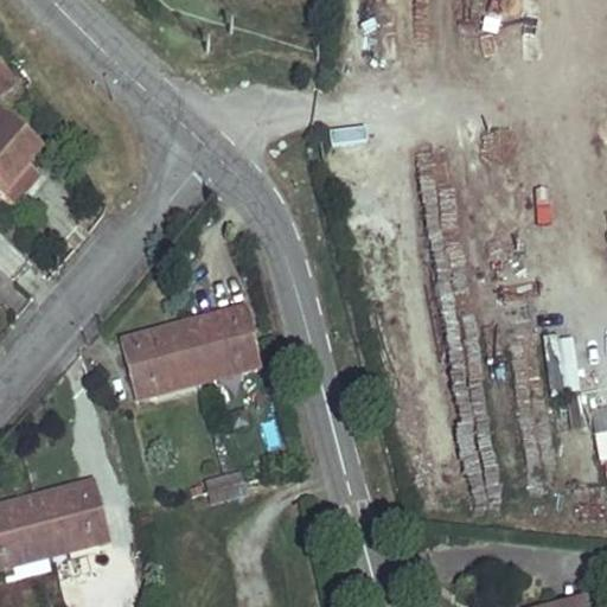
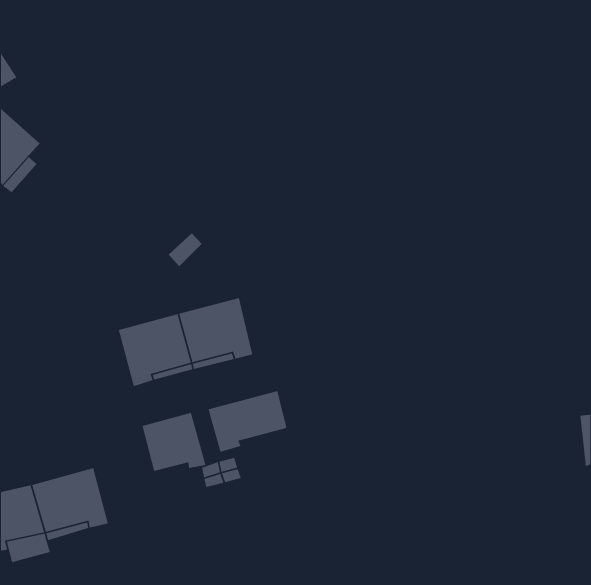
building: none -> [207,390,287,453]
building: none -> [142,412,206,472]

